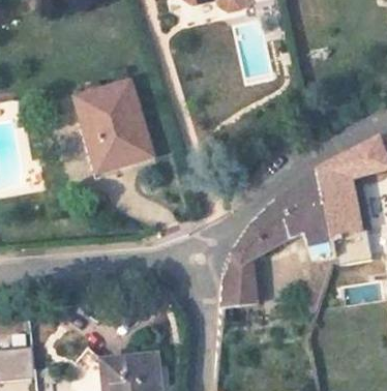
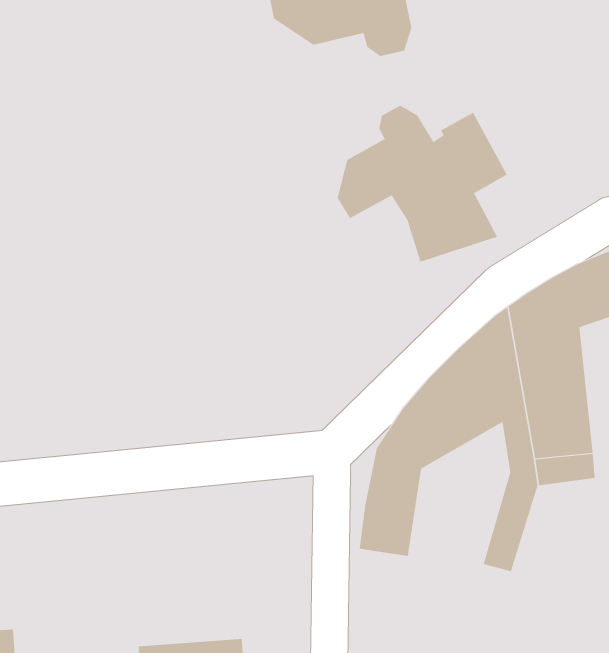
building: none -> [337,105,507,263]
building: [76,89,151,179] -> none

